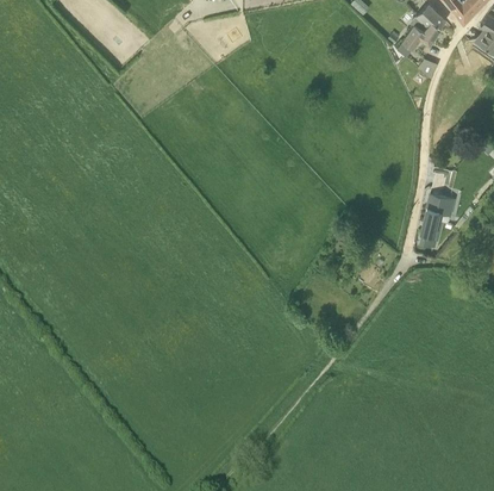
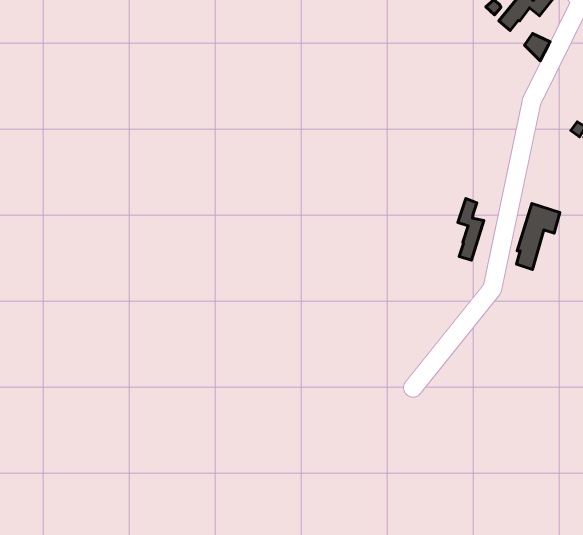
building: none -> [458,198,484,260]

